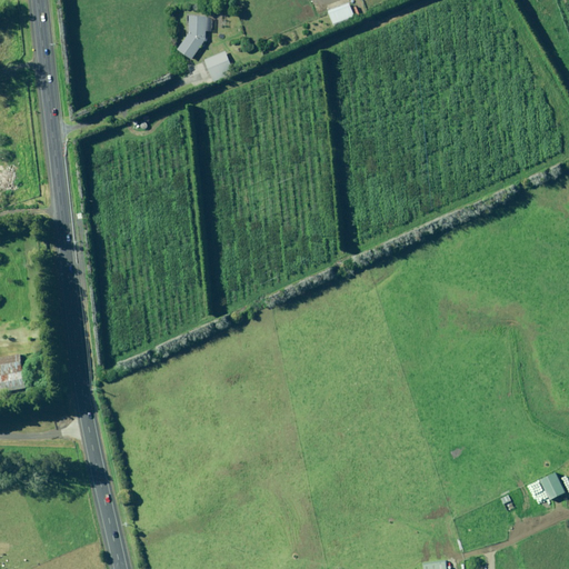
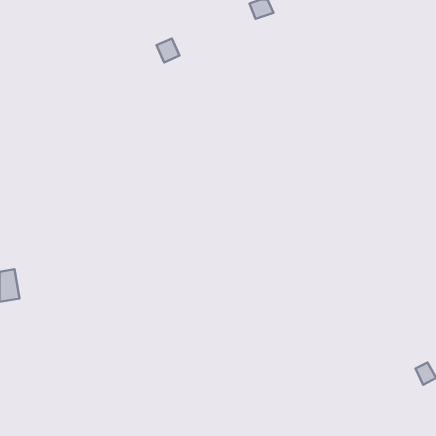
building: [176,16,206,59] -> none

